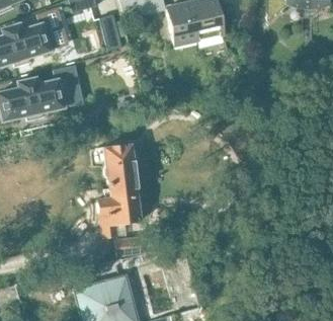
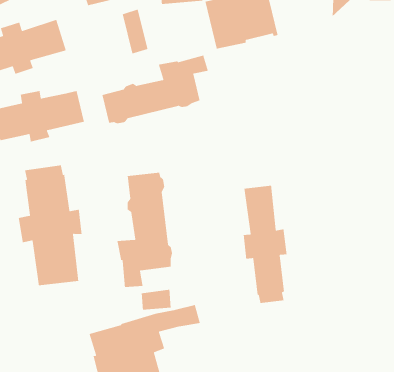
building: none -> [101,55,209,124]
building: none -> [18,165,82,286]
building: none -> [243,185,287,304]

